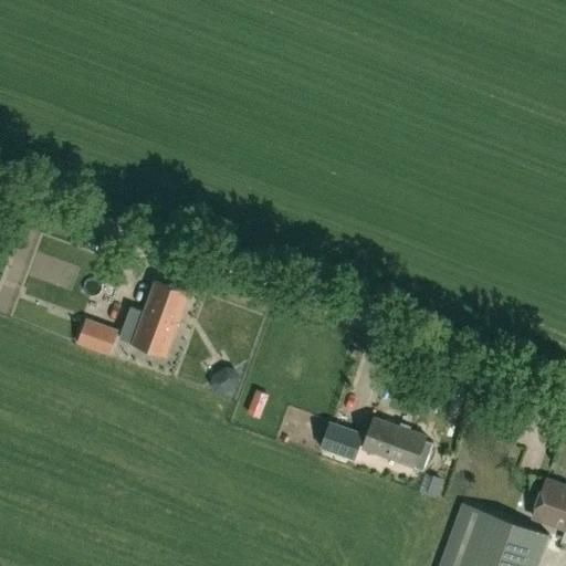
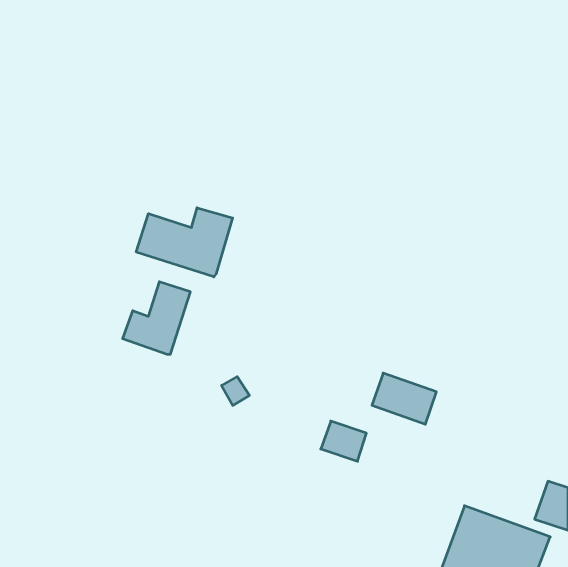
building: none -> [136,208,233,277]
building: [77,319,118,356] -> none
building: [361,417,426,468] -> [372,373,436,424]

